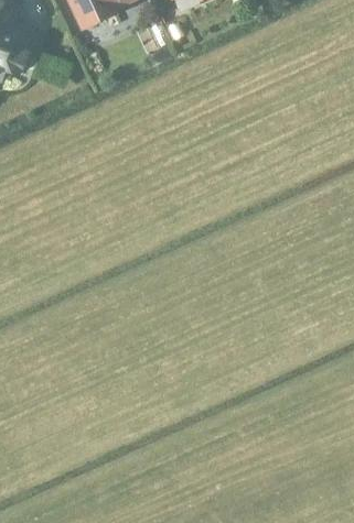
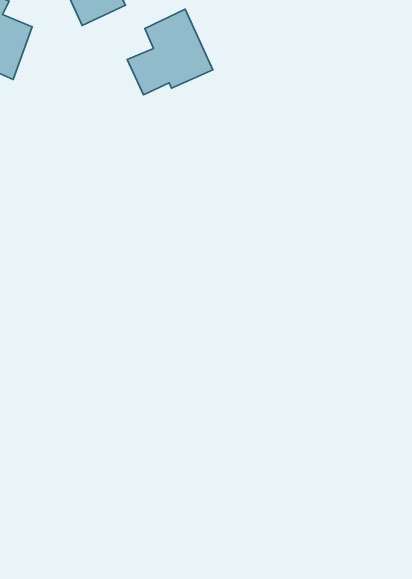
building: none -> [127,9,213,95]

